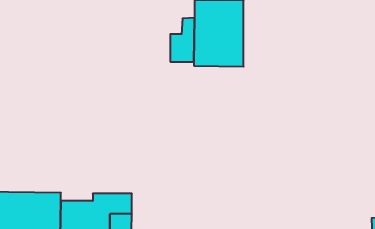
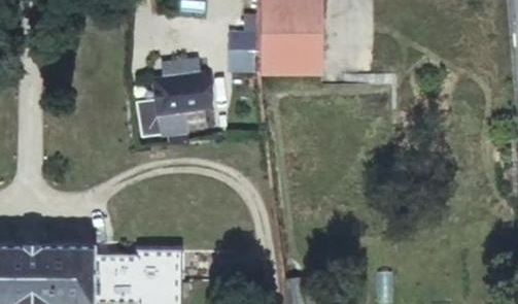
building: none -> [153,66,206,124]

